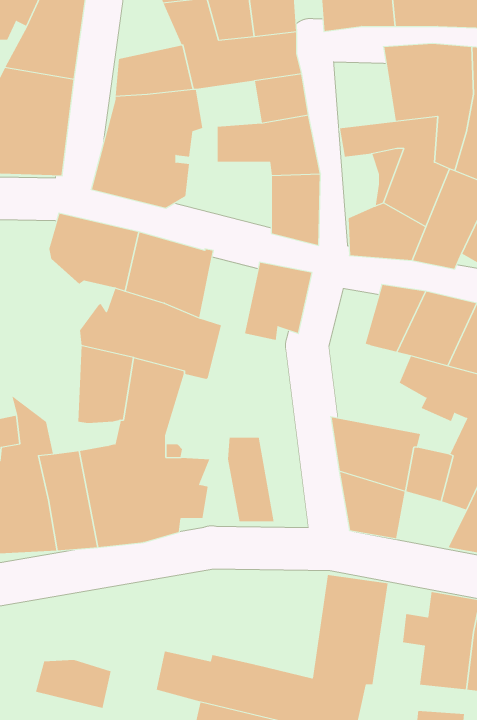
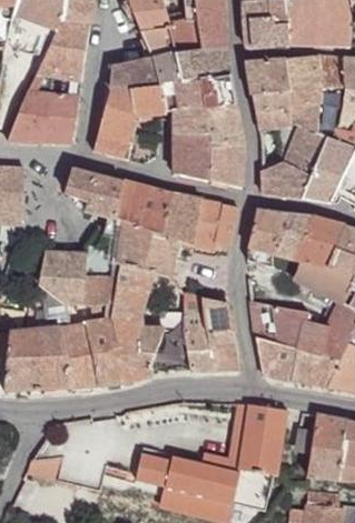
building: none -> [245,58,292,111]
building: none -> [161,80,204,111]
building: none -> [170,133,210,180]
building: none -> [164,191,203,245]
building: none -> [247,209,283,266]
building: none -> [38,252,86,303]
building: none -> [201,295,239,369]
building: none -> [293,349,338,385]
building: none -> [200,403,247,471]

